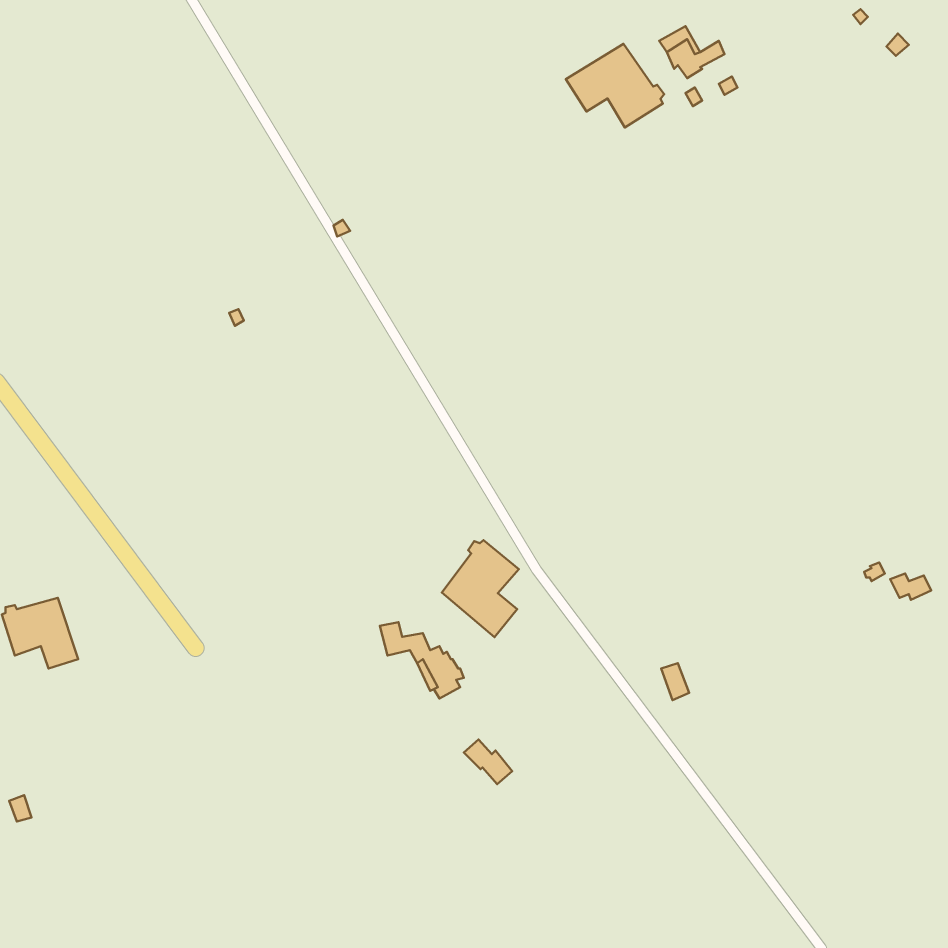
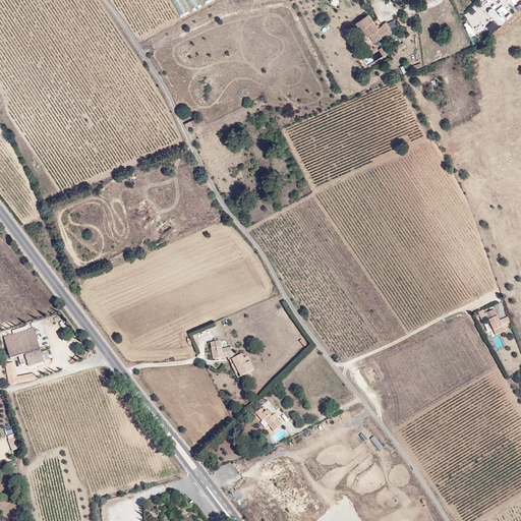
building: [566,44,664,128] -> none
building: [442,540,519,637] -> none

